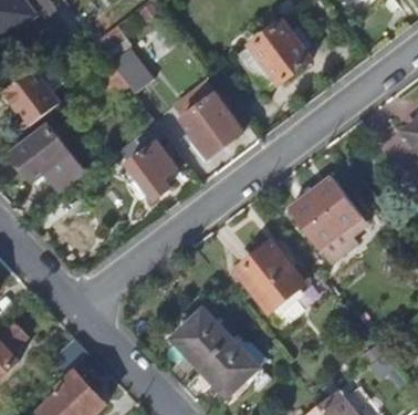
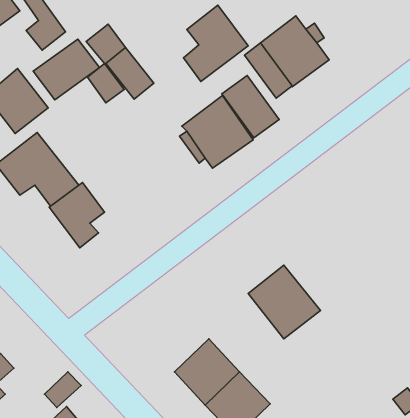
building: none -> [184,5,248,82]
building: none -> [33,39,100,100]
building: none -> [222,76,279,138]
building: [126,141,176,199] -> [49,183,105,248]
building: [288,176,362,263] -> none

